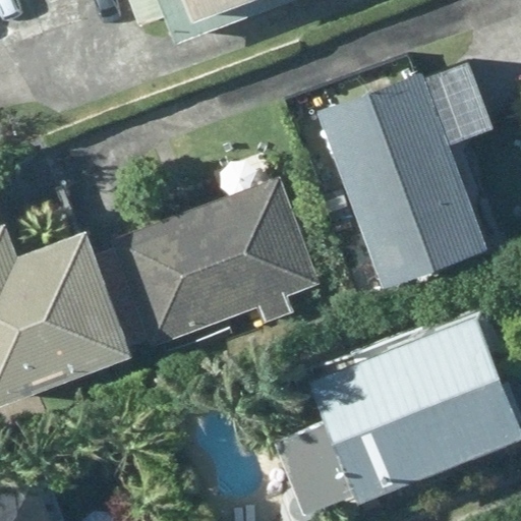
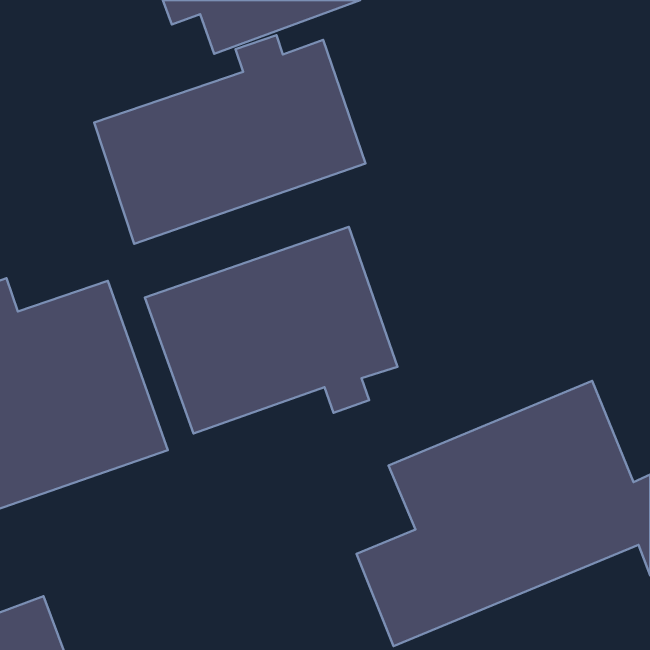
building: none -> [94,35,365,244]
building: [316,68,486,285] -> none

